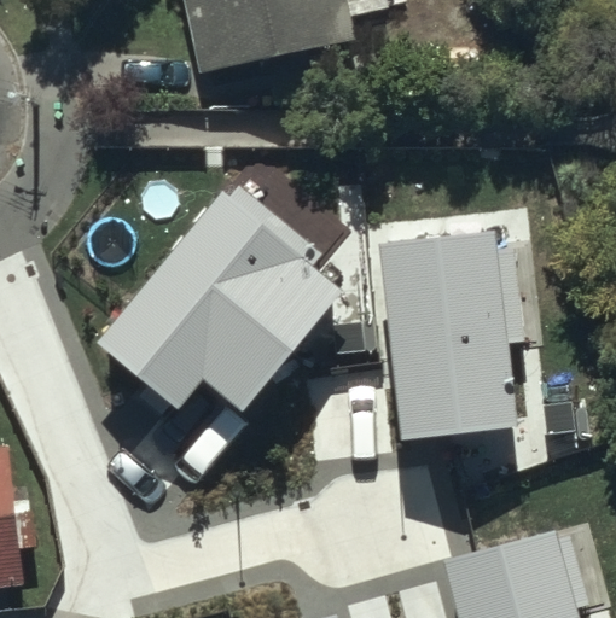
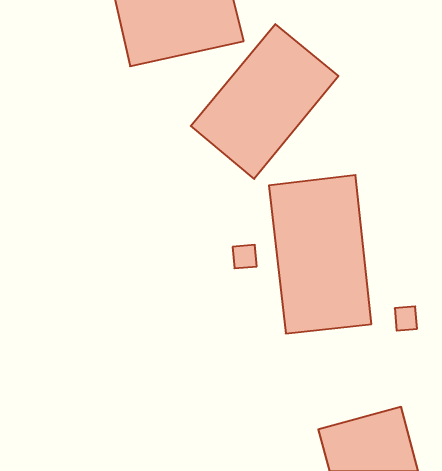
building: none -> [191,24,338,179]
building: [103,193,341,406] -> none

